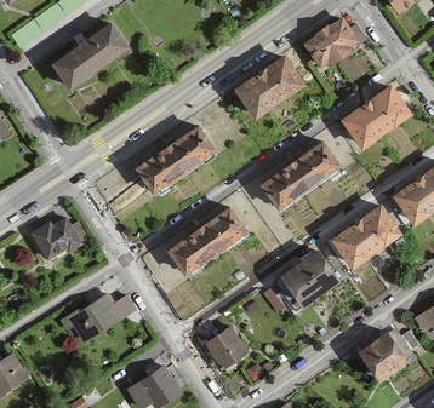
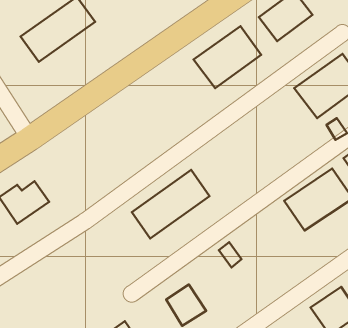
building: [136,123,219,196] -> none
building: [262,139,344,212] -> none
building: [282,248,343,306] -> none
building: [59,294,124,345] -> none

